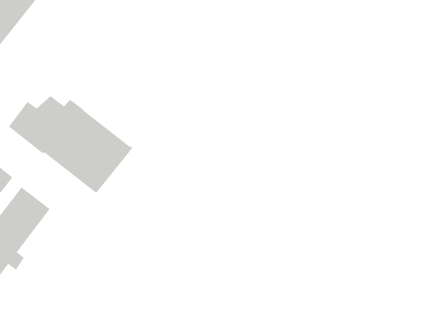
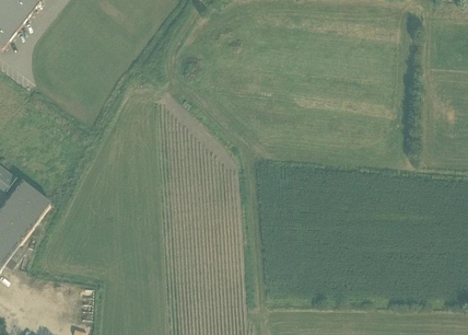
building: [8,95,133,194] -> none

